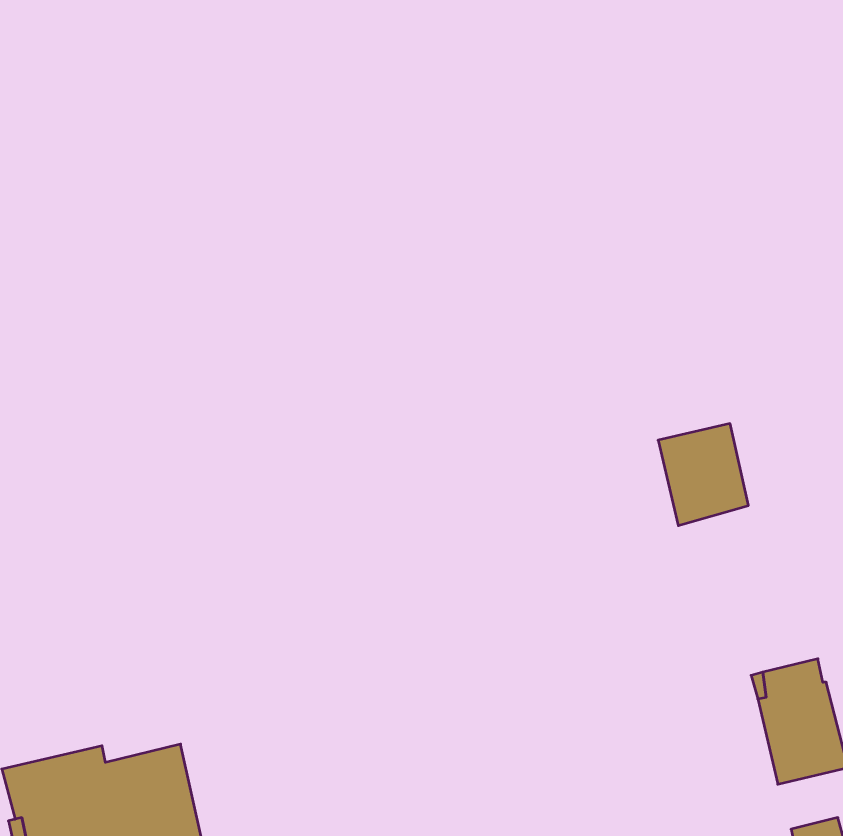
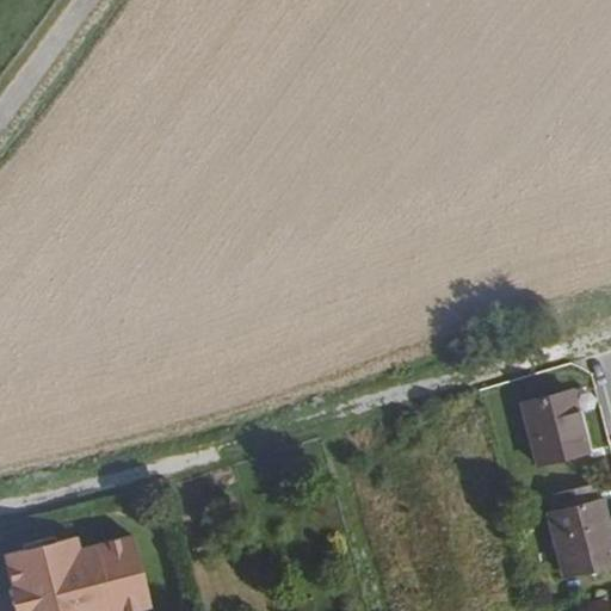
building: [658,424,748,526] -> [521,390,586,463]

